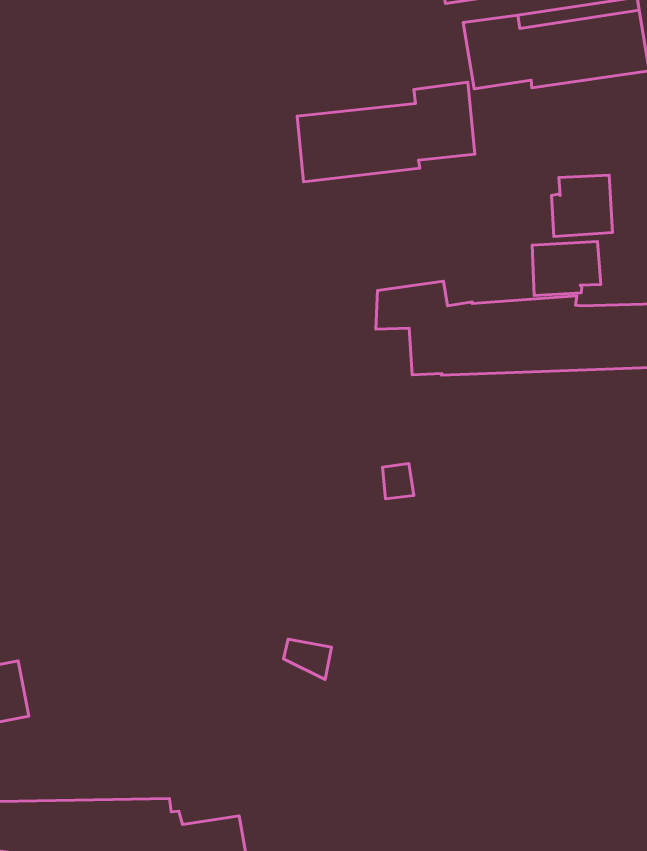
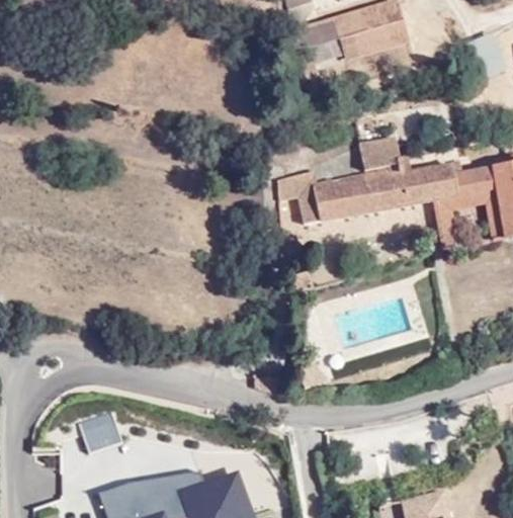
building: [297,82,475,182] -> none
building: [551,175,613,236] -> none

